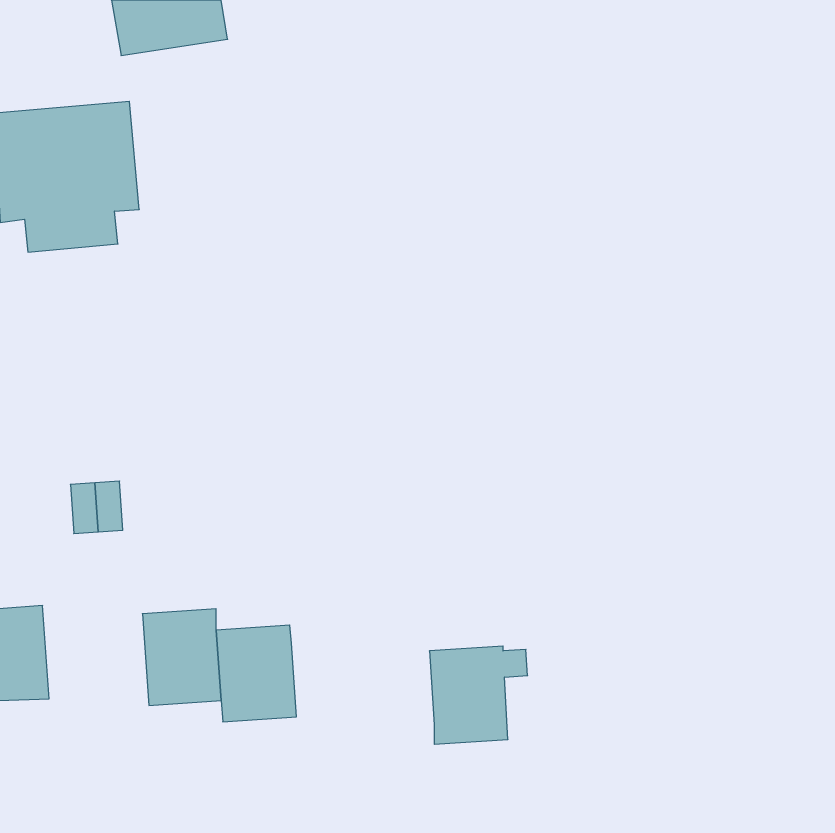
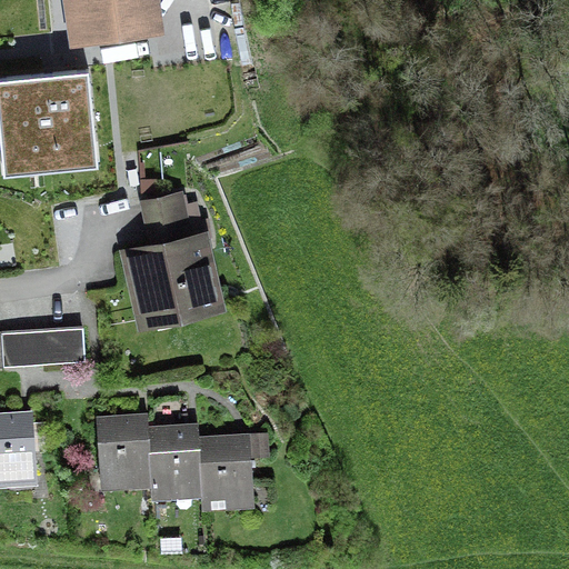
building: none -> [126,197,217,318]
building: none -> [17,331,50,367]
building: [429,646,528,744] -> [198,436,264,502]

